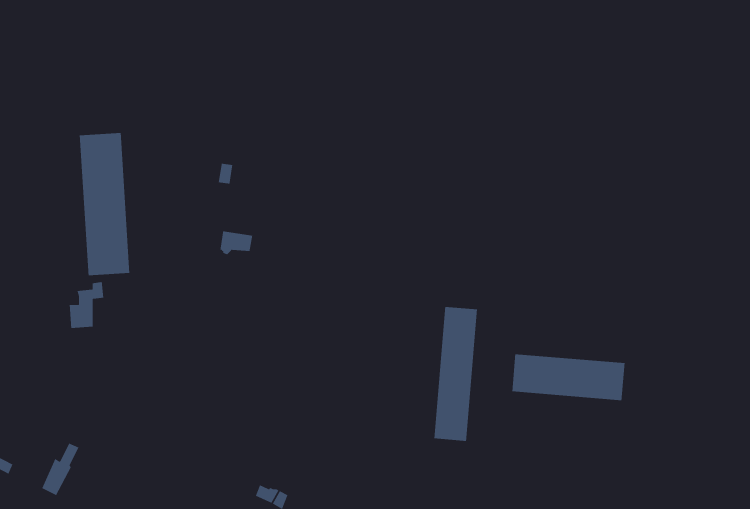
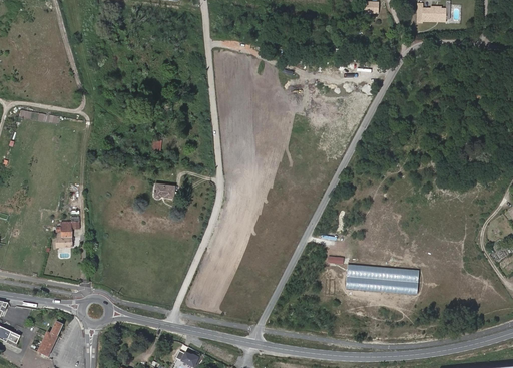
building: [79,132,130,276] -> none
building: [433,306,478,442] -> none

